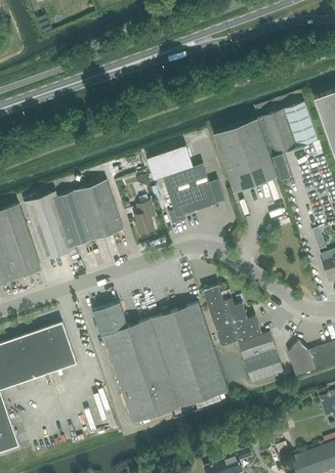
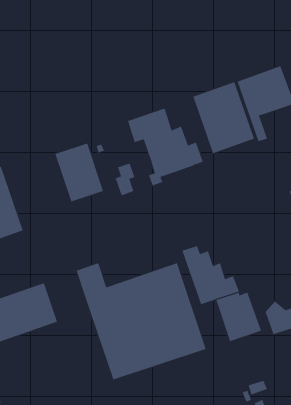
building: [24,192,89,261] -> none

